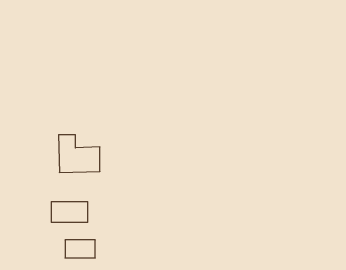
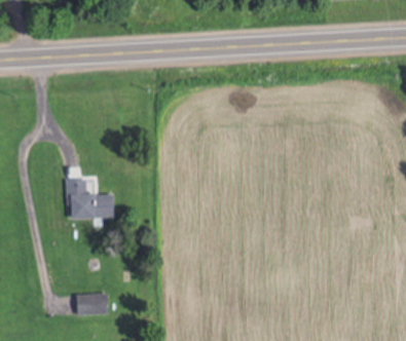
building: [51,202,88,222] -> none

